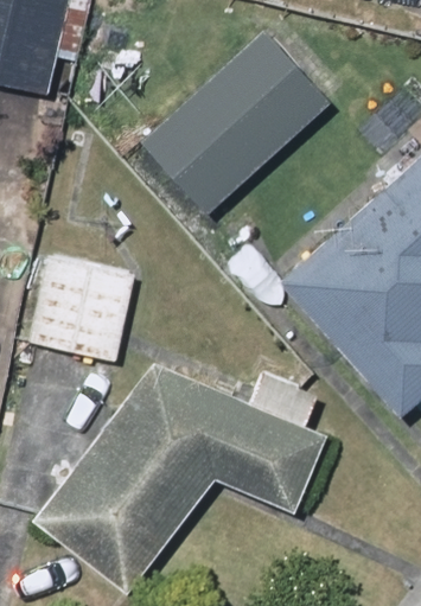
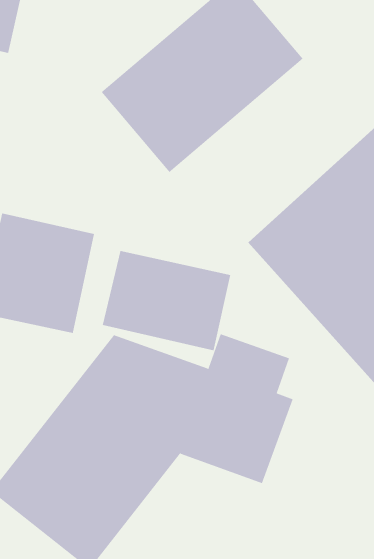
building: none -> [102,250,231,351]

